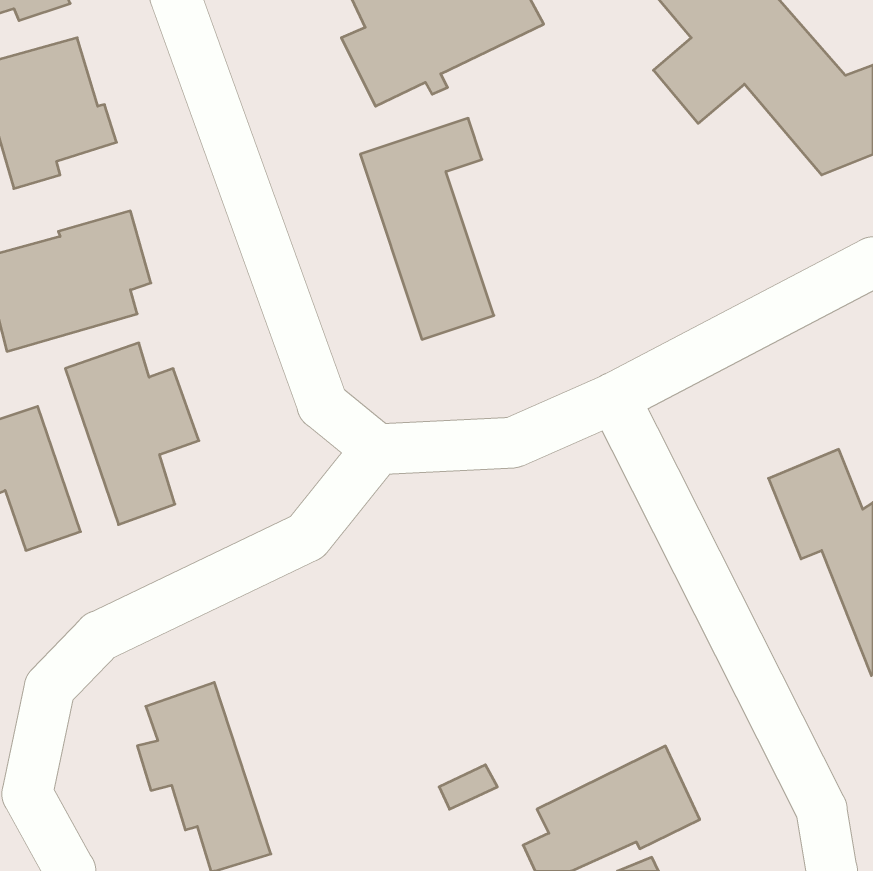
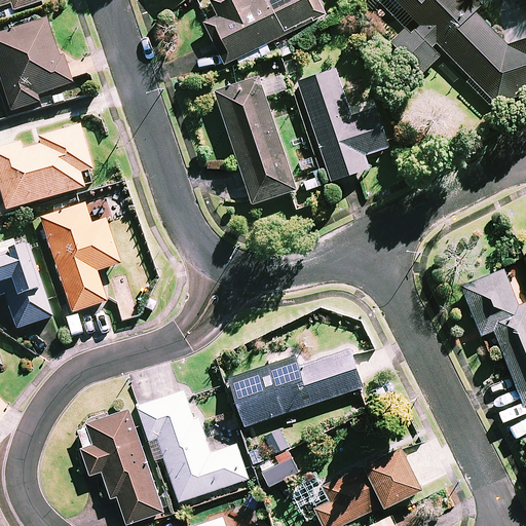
building: none -> [293,67,383,178]
building: none -> [229,348,363,425]
building: none -> [138,389,247,500]

